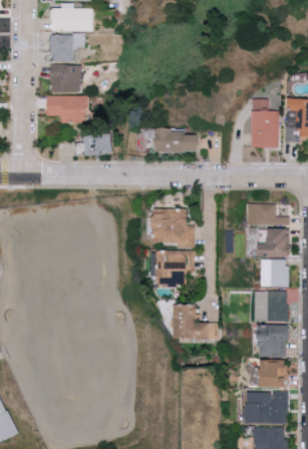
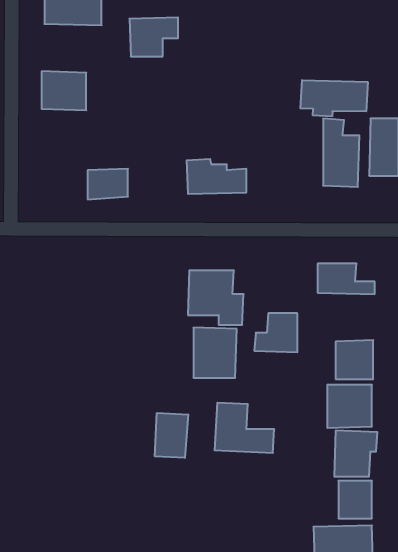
building: [49,33,84,61] -> [129,17,178,56]
building: none -> [300,80,368,116]
building: [46,95,85,122] -> none
building: [259,228,290,256] -> [254,313,297,352]
building: none -> [155,413,188,458]

